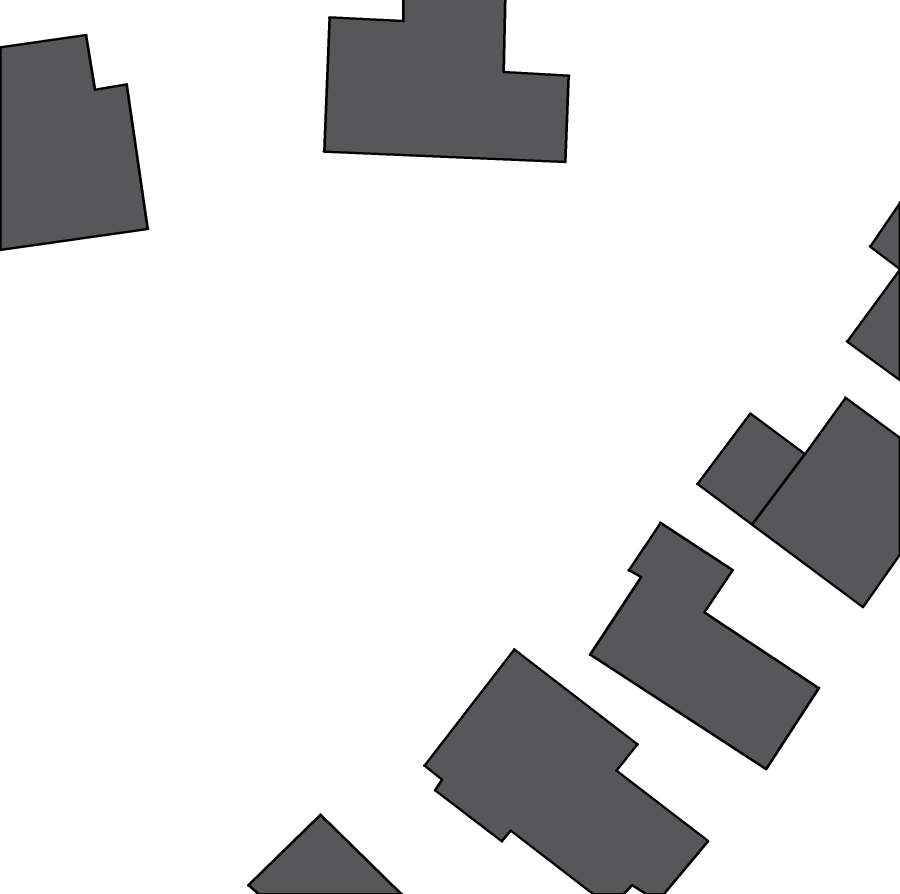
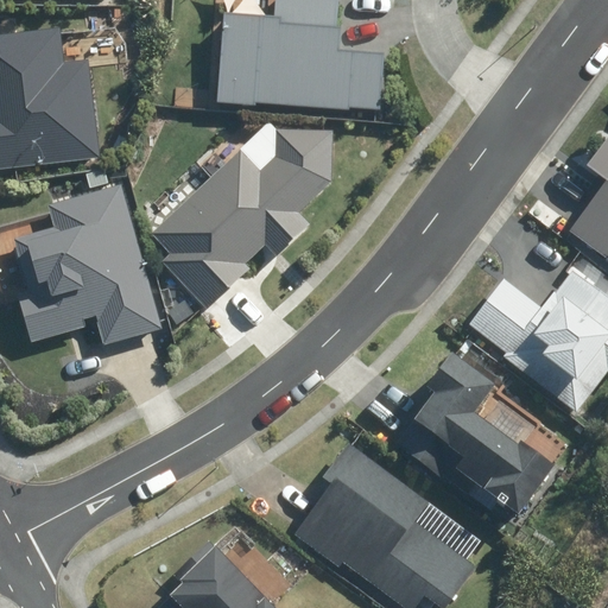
building: none -> [147,119,335,312]
building: none -> [13,191,163,343]

